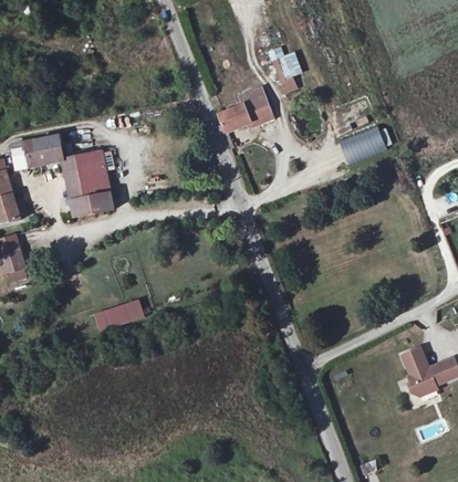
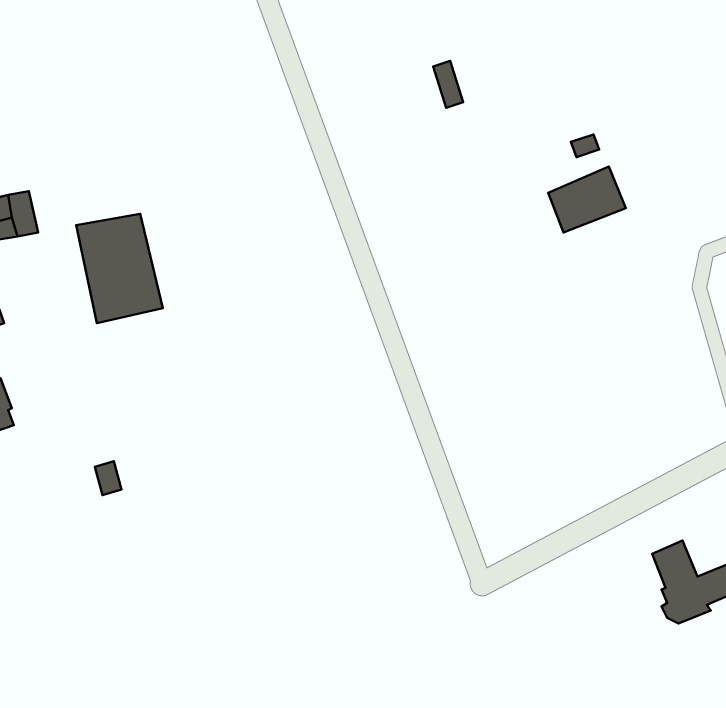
building: [217,84,268,133] -> none
building: [35,135,63,164] -> none
building: [93,297,144,331] -> none

